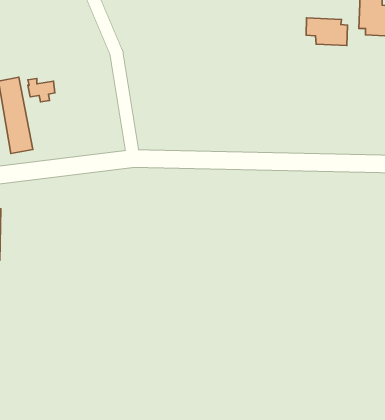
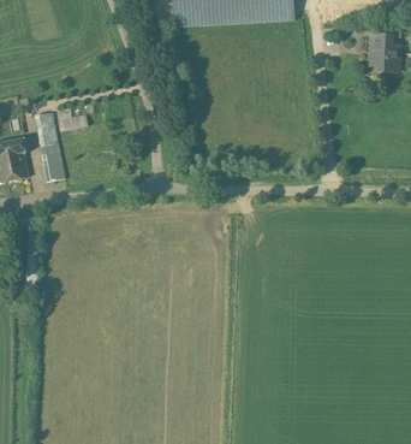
building: [306,18,348,46] -> none

